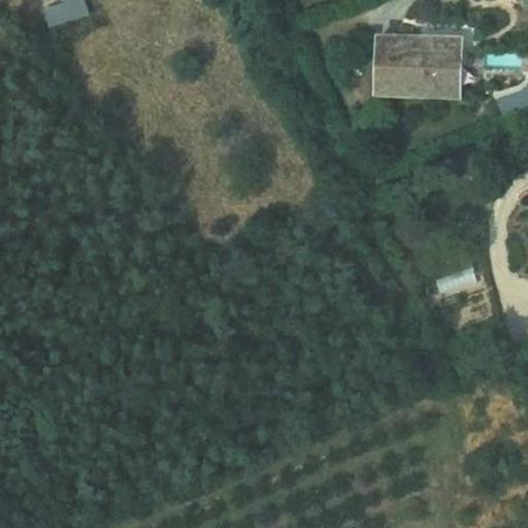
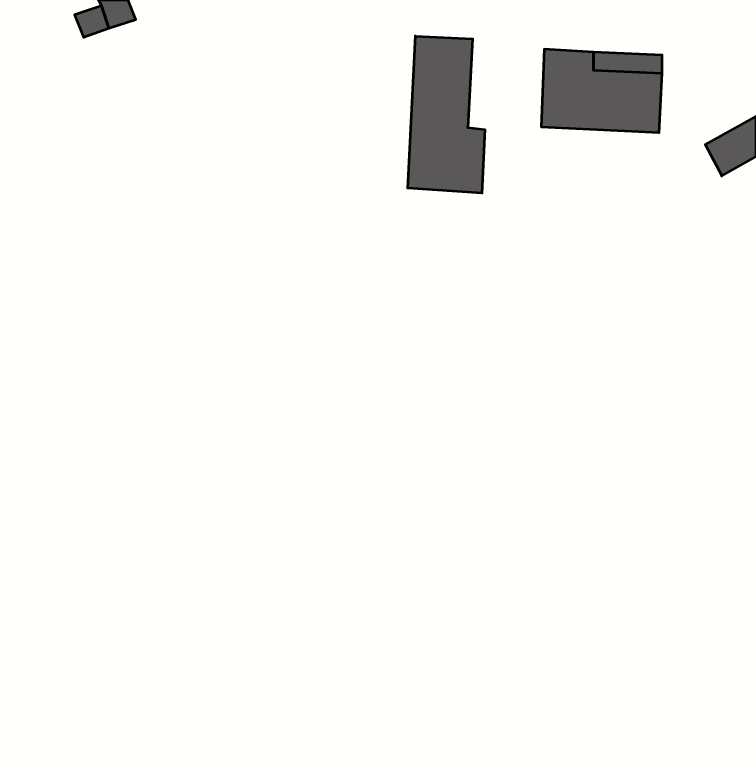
building: none -> [408,36,485,193]

